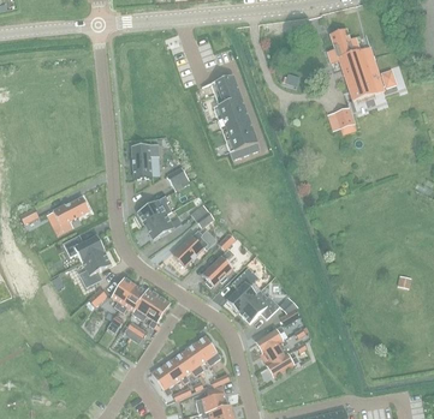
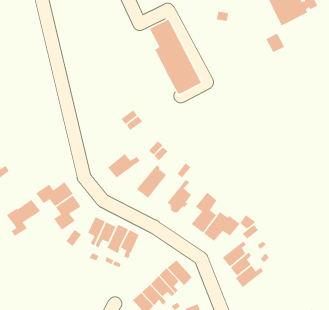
building: [131,144,159,179] -> none
building: [137,196,172,227] -> none
building: [52,197,90,235] -> [6,199,41,237]

